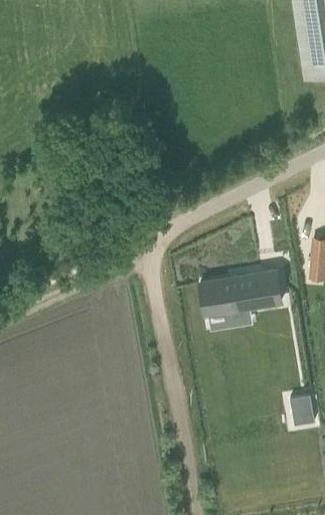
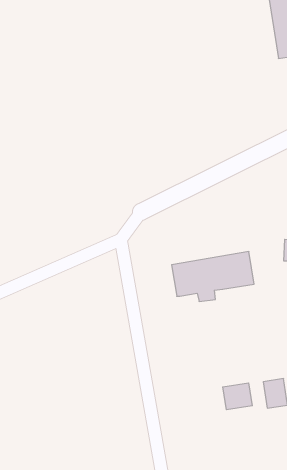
building: none -> [223,383,252,410]

